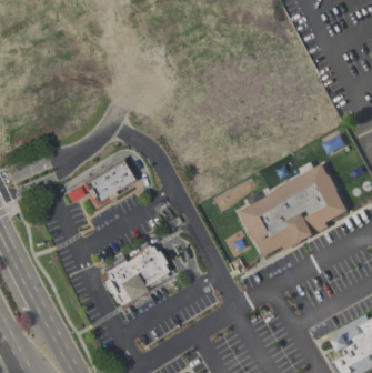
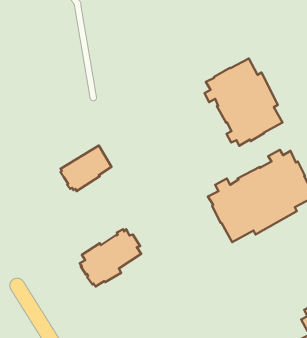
building: none -> [204,58,282,146]

